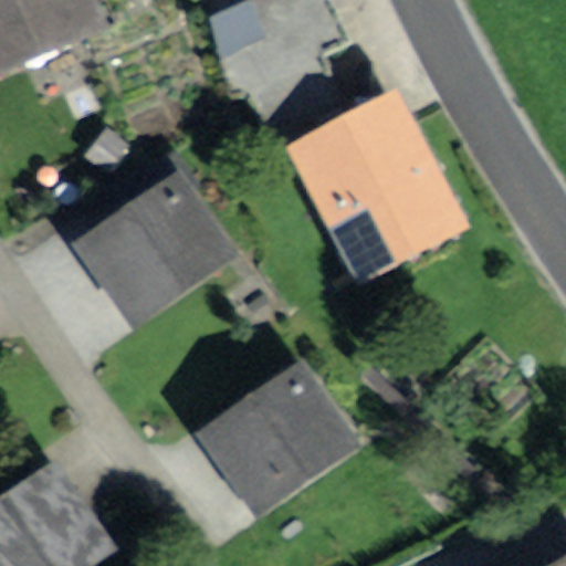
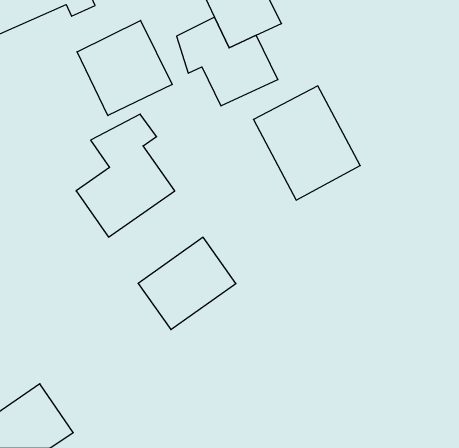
building: none -> [77,20,172,116]
building: [218,367,337,480] -> [138,237,236,330]

